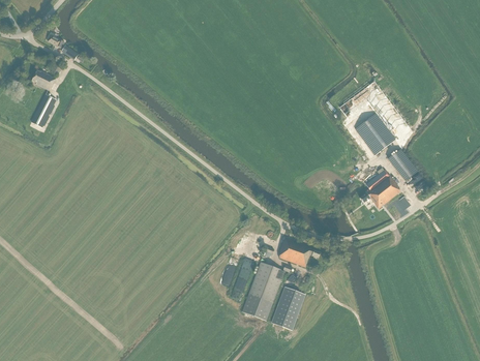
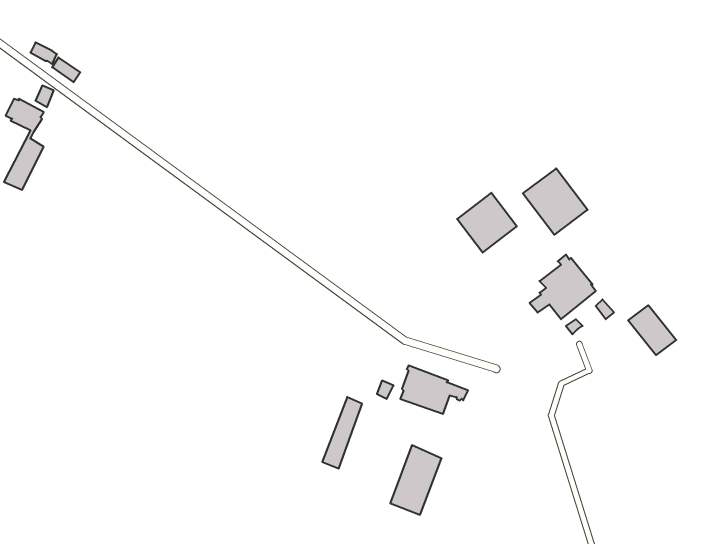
building: none -> [457,193,517,253]
building: [387,148,417,179] -> [628,305,676,355]
building: [241,261,283,320] -> none

